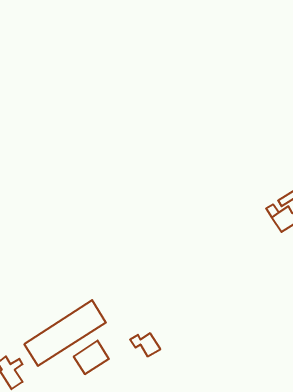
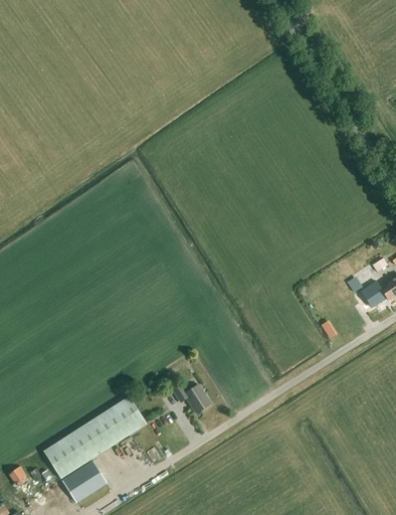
building: [130,333,160,356] -> [173,383,211,412]
building: [74,340,109,374] -> [62,460,107,502]

